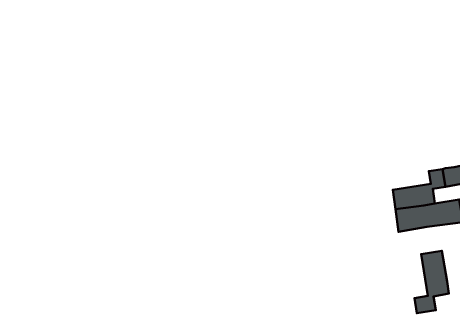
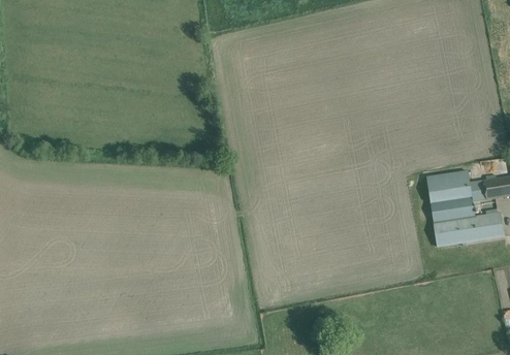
building: none -> [426,170,471,202]
building: [414,251,449,313] -> none

